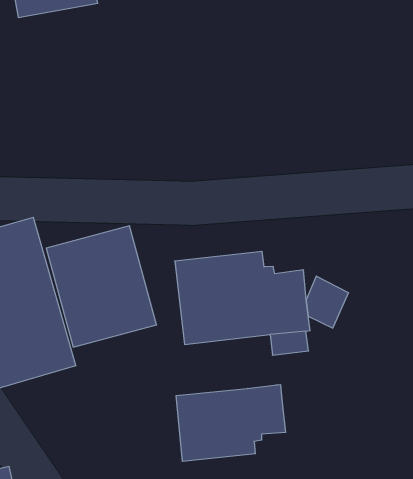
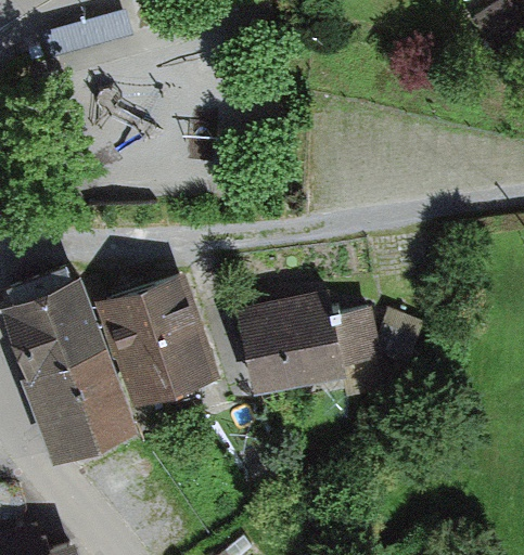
building: [176,385,286,461] -> none

